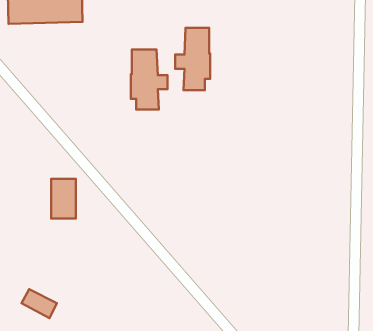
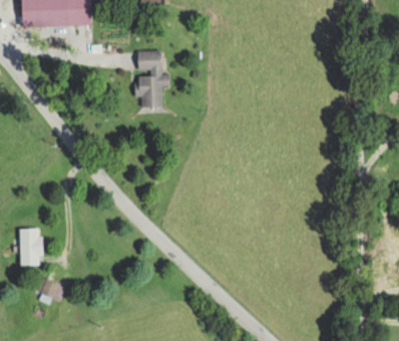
building: [175,28,210,90] -> none
building: [51,179,76,218] -> [19,229,42,266]

